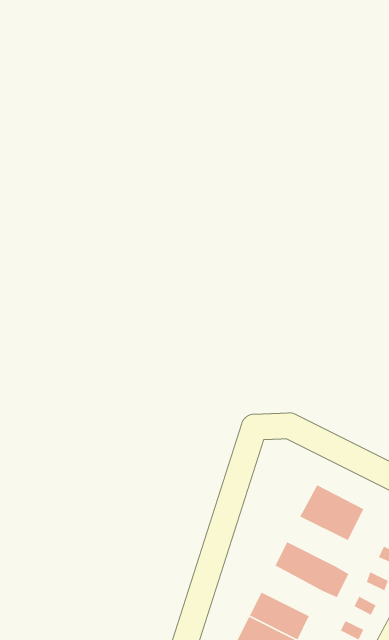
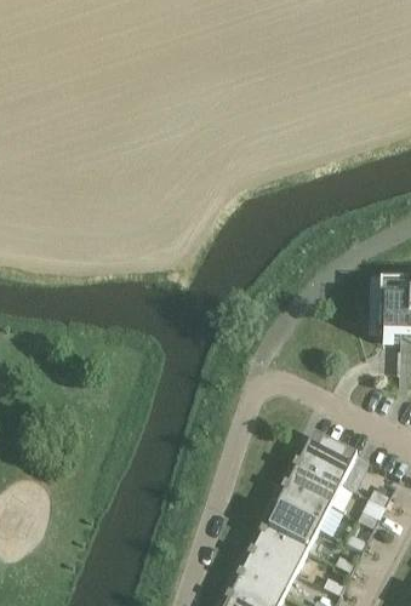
building: none -> [287,462,342,505]
building: none -> [264,505,319,550]

